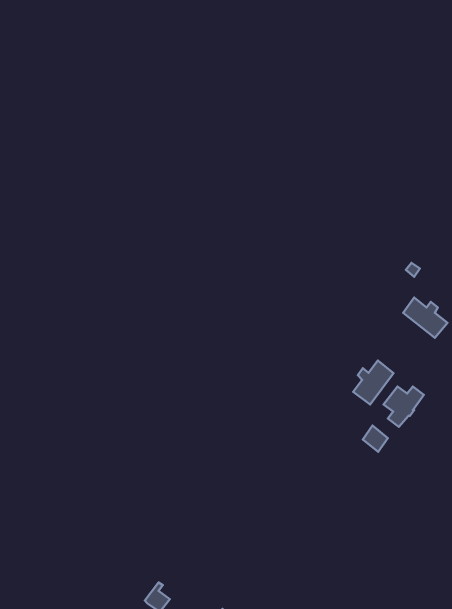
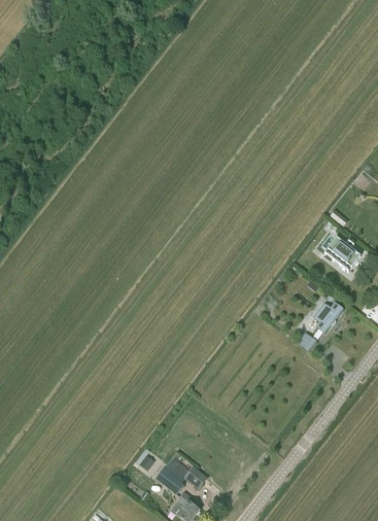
building: [353,361,394,404] -> none

